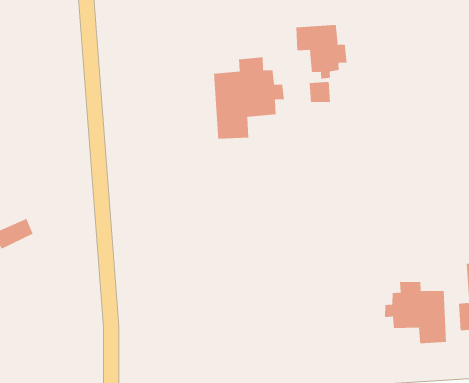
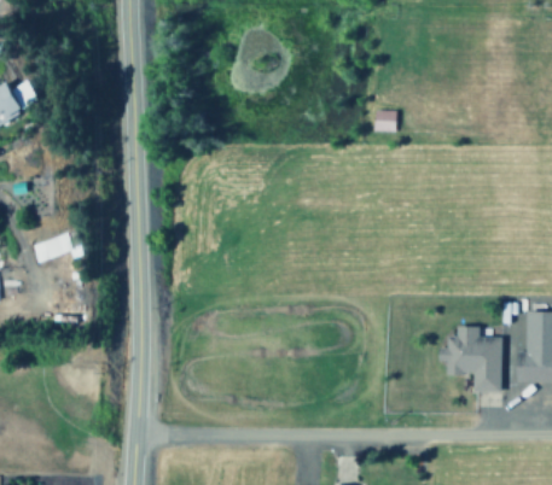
building: [296,24,347,80] -> none
building: [213,56,284,139] -> none

